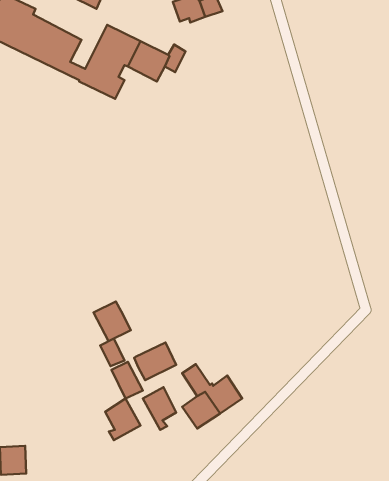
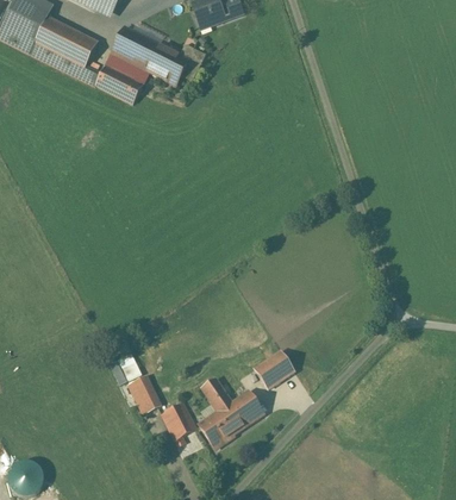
building: [94,302,131,341] -> none
building: none -> [254,349,293,388]
building: [134,343,176,380] -> none
building: [105,399,140,440] -> none

